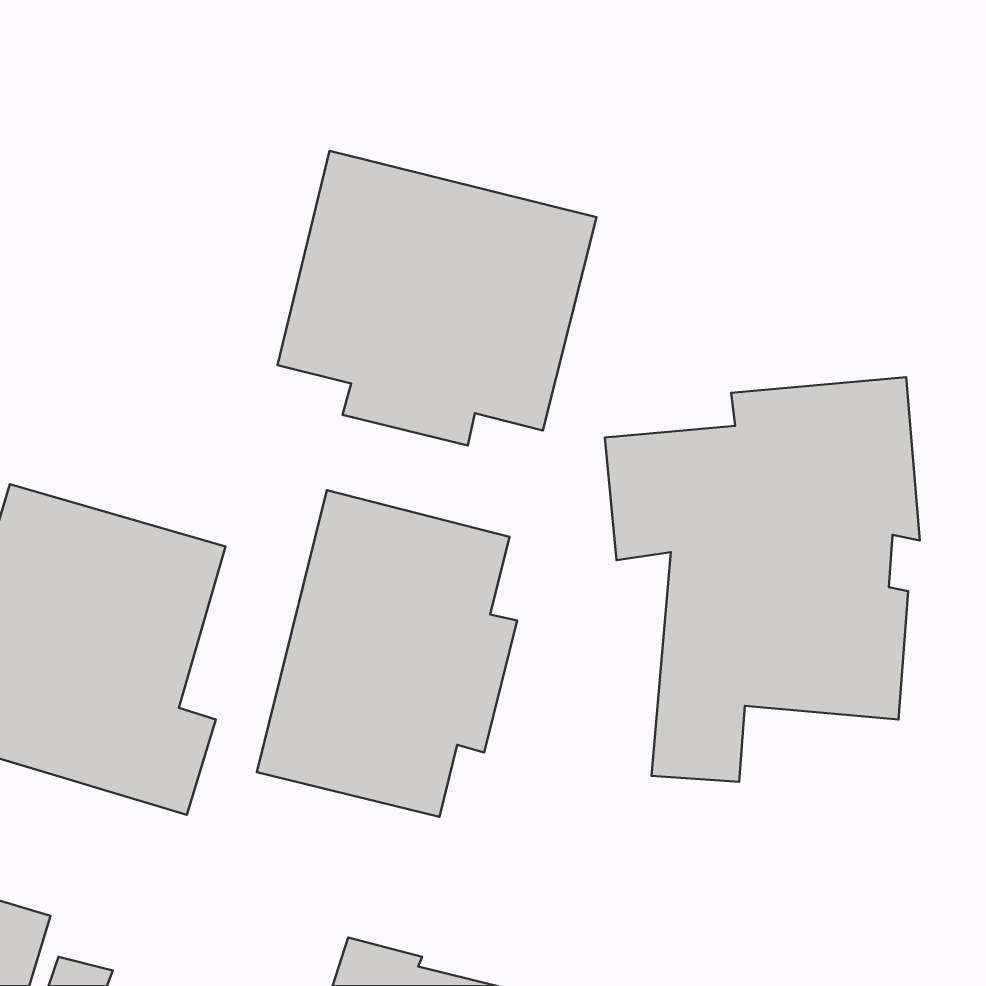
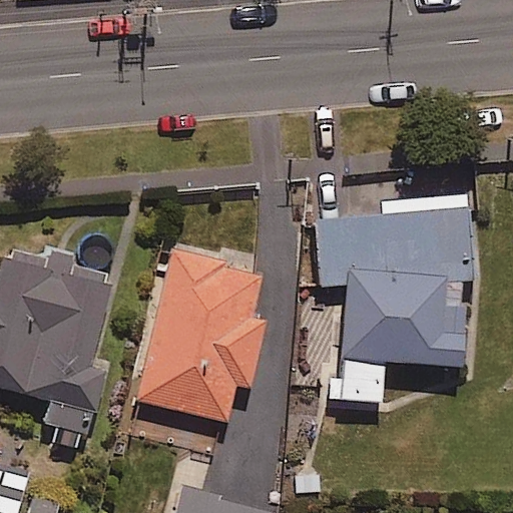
building: [277,151,597,446] -> none

